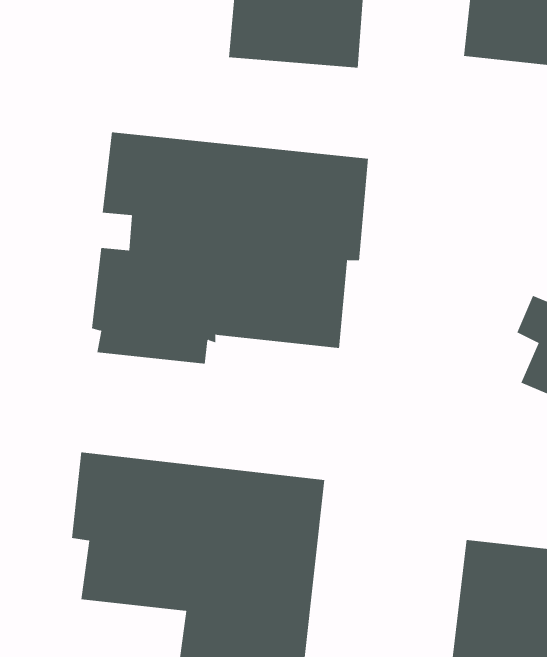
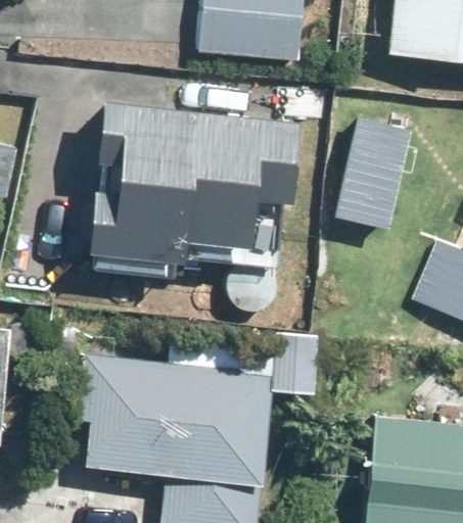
building: none -> [332,110,411,226]

